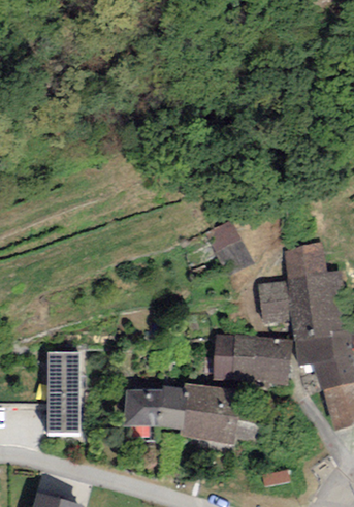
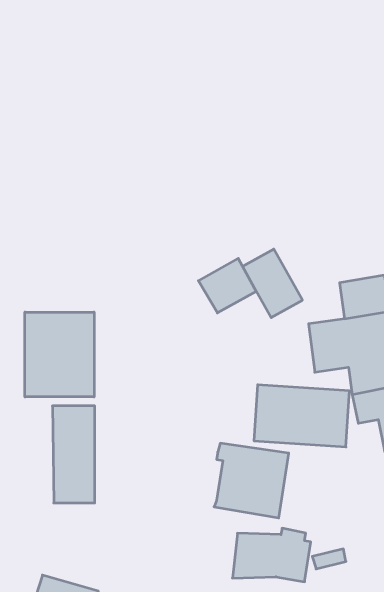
building: none -> [198,258,256,313]
building: none -> [25,312,94,397]
building: [123,385,188,430] -> [232,528,311,582]

